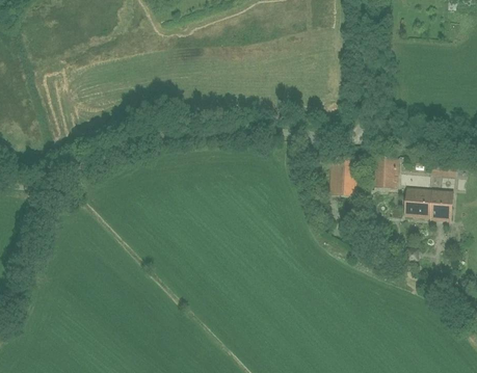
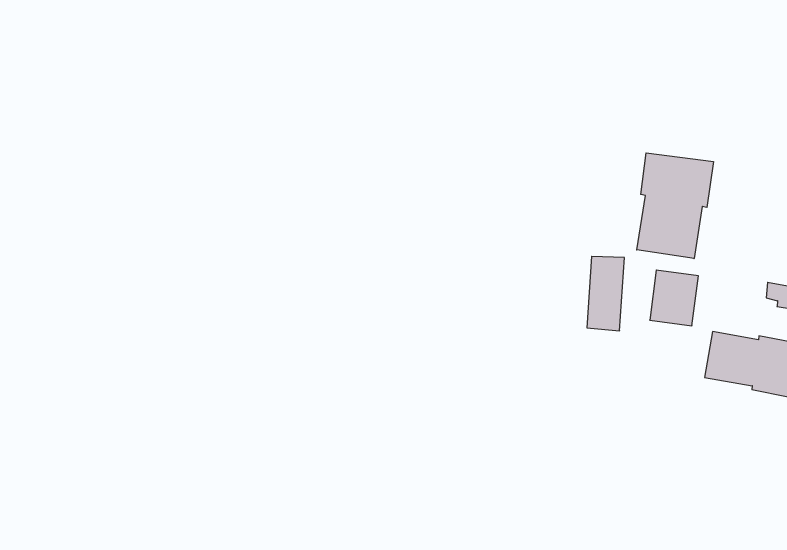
building: none -> [637,153,713,259]

